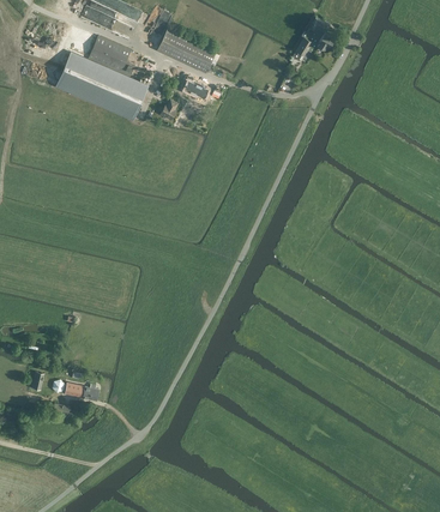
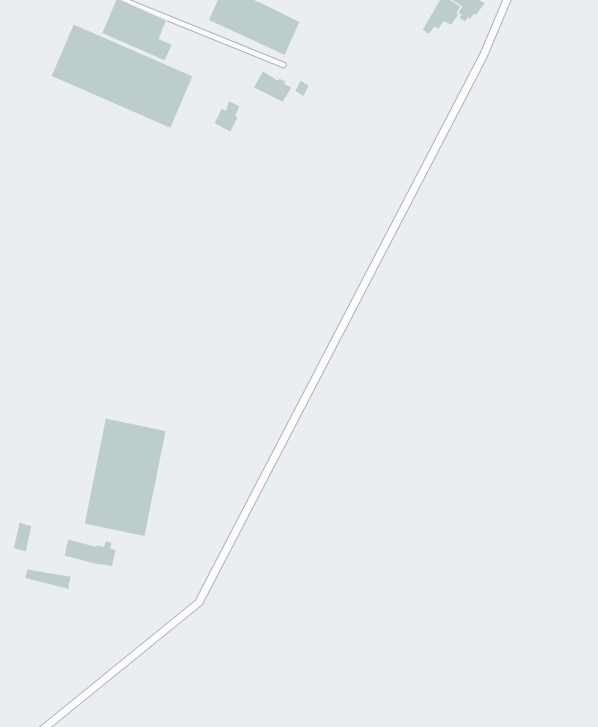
building: none -> [84,418,166,537]

